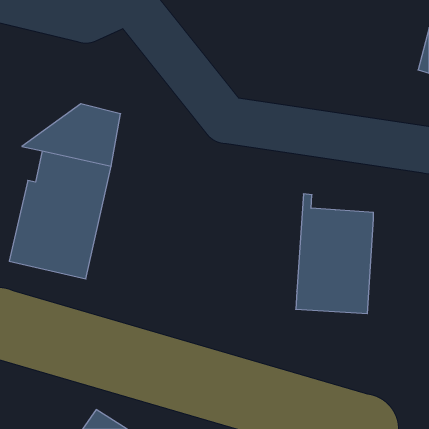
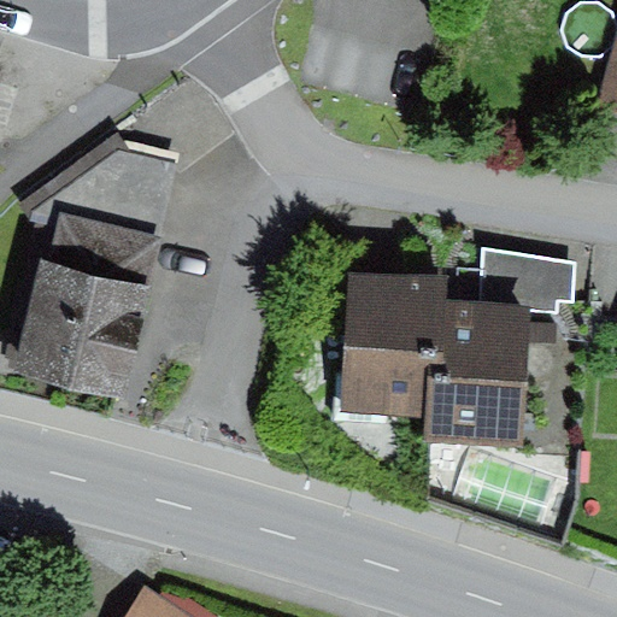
building: none -> [480,246,572,313]
building: none -> [336,271,434,417]

